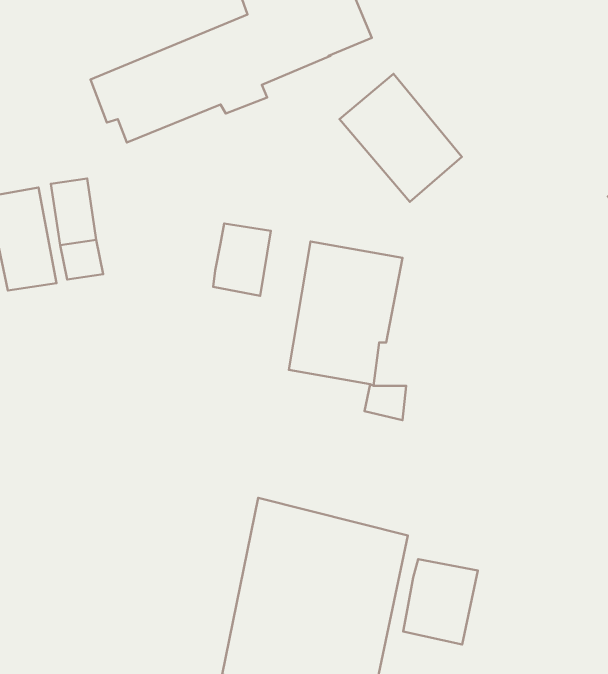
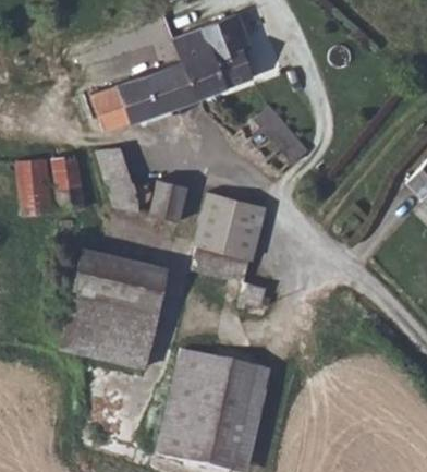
building: none -> [95,149,157,217]
building: none -> [59,246,169,370]
building: [403,559,478,645] -> none

